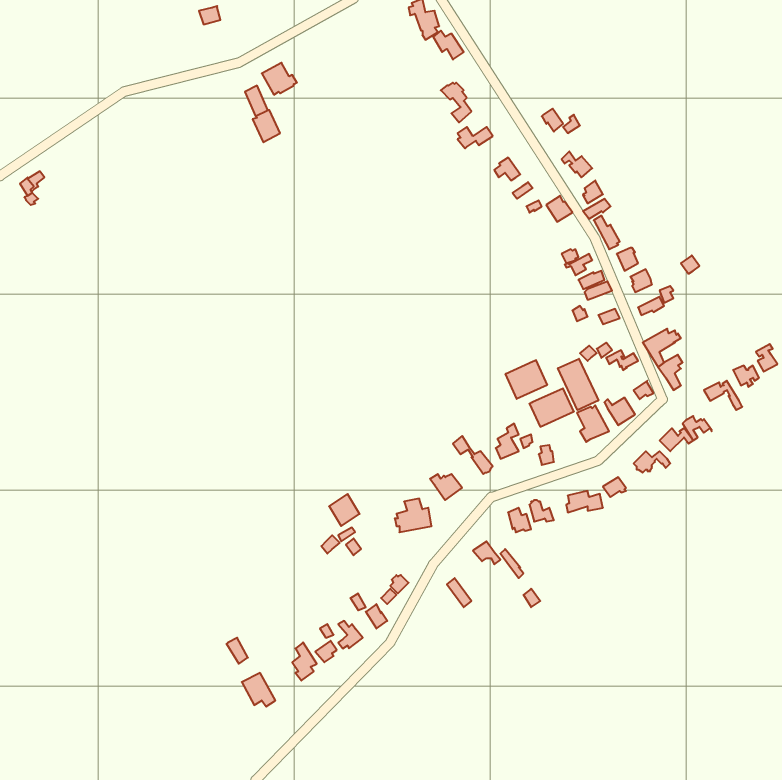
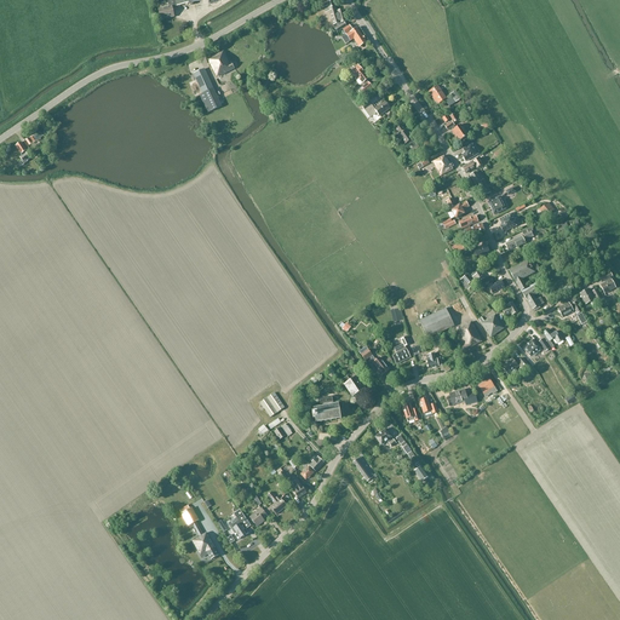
building: [558,359,598,410] -> none
building: [506,360,547,399] -> none

